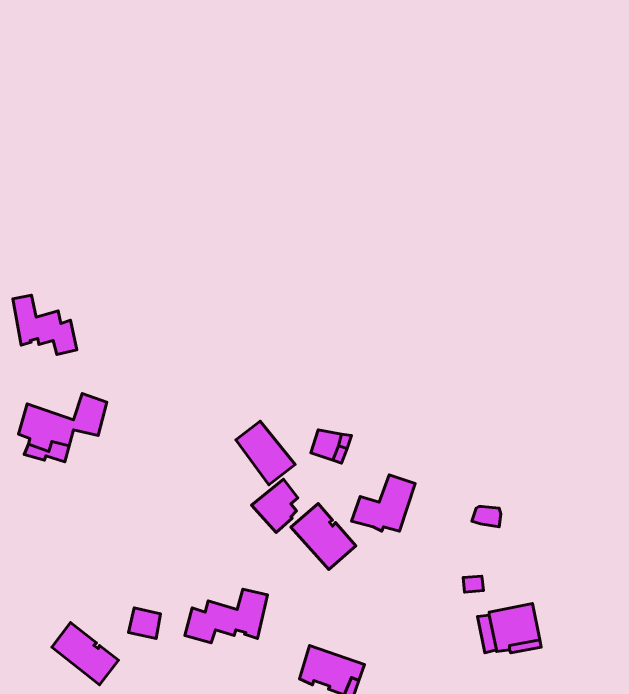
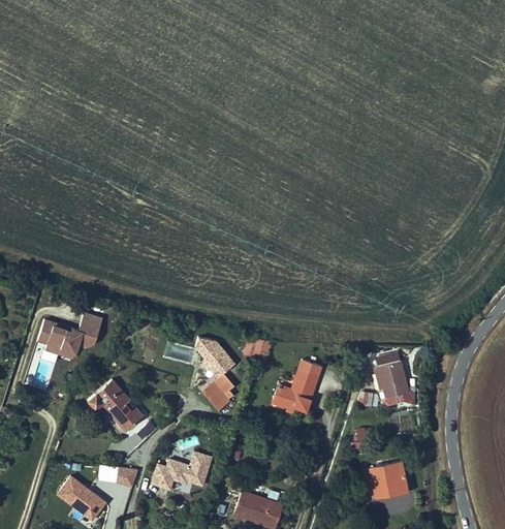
building: [13,295,77,355] -> none
building: none -> [375,353,408,405]
building: none -> [88,380,144,432]
building: [291,503,356,570] -> none

